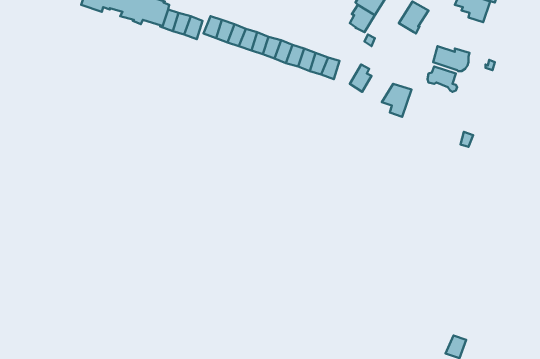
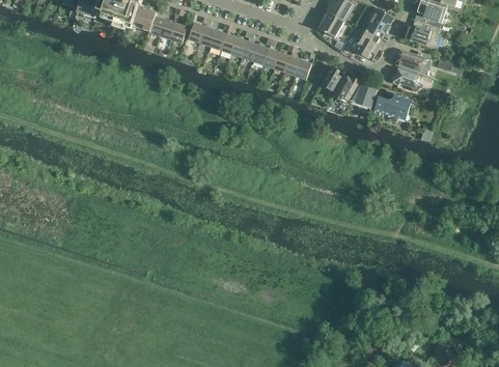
building: none -> [404,22,441,47]
building: none -> [349,25,379,58]
building: none -> [332,74,359,104]
building: none -> [373,92,410,118]

